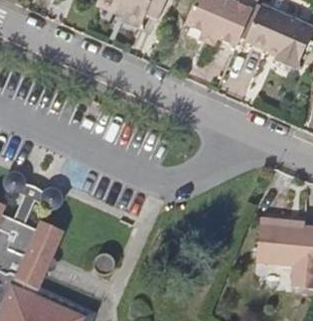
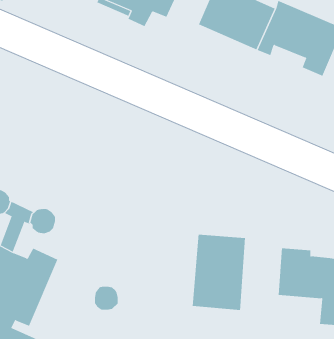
building: none -> [192,234,246,311]

